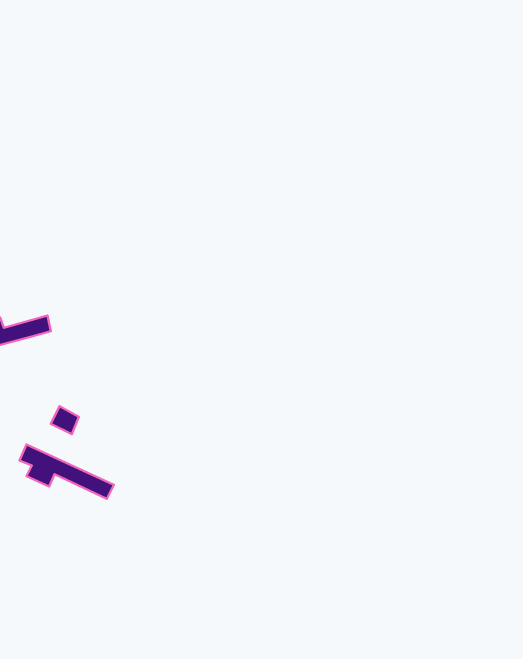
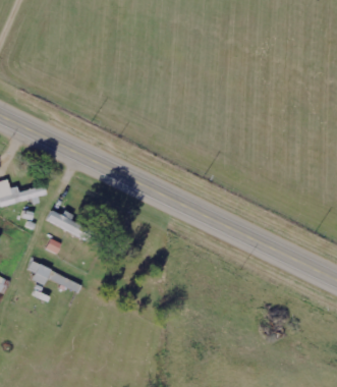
building: none -> [47,210,89,239]

